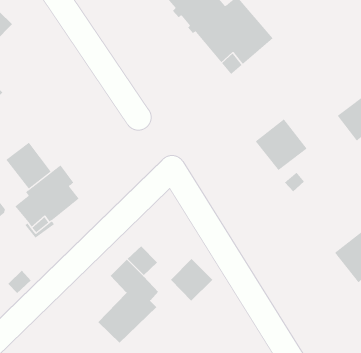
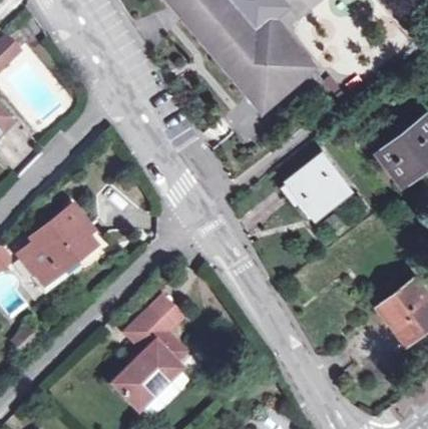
building: [5,142,51,190] -> none
building: [170,258,213,301] -> none

